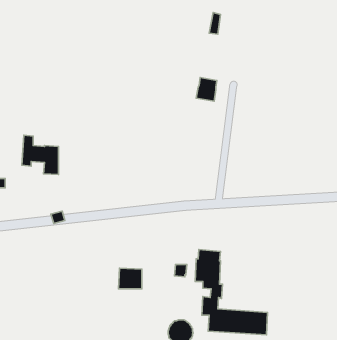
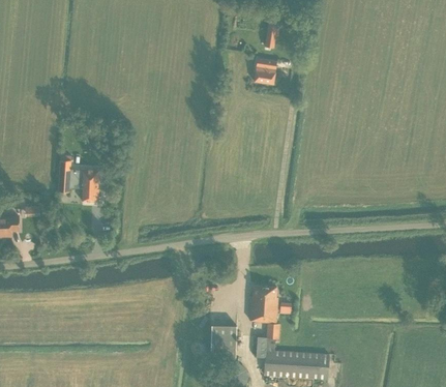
building: [196,78,217,101] -> [254,58,276,84]
building: [119,268,142,289] -> [210,325,236,348]

